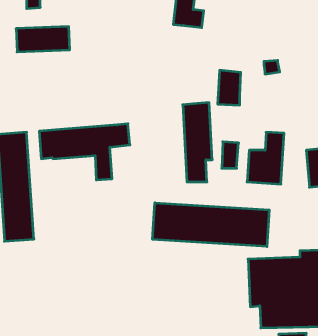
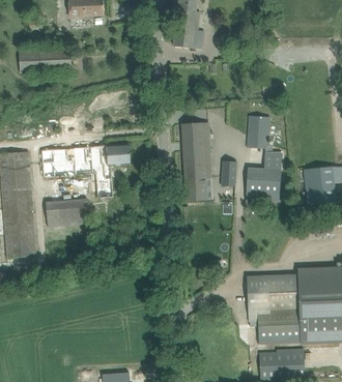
building: [218,70,241,105] -> [246,115,268,149]
building: none -> [46,199,88,227]
building: [153,203,269,247] -> none

